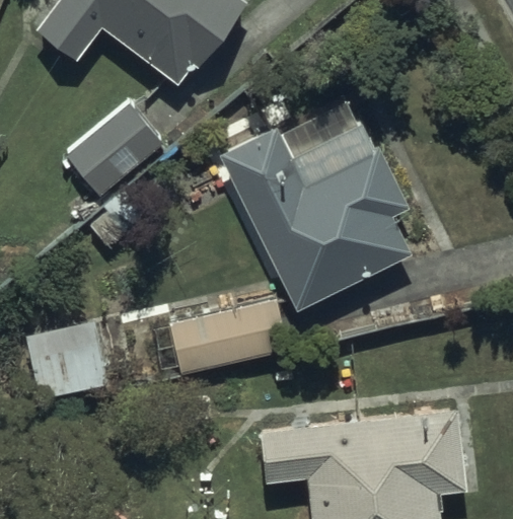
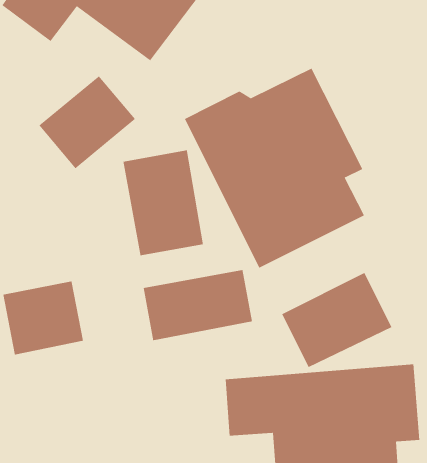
building: none -> [123,150,203,256]
building: none -> [282,272,392,368]

